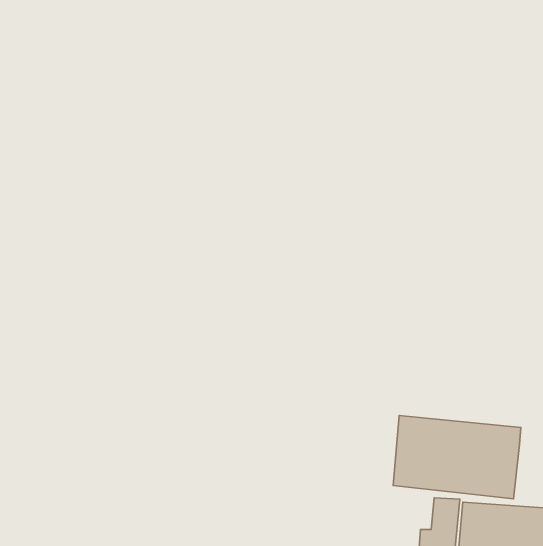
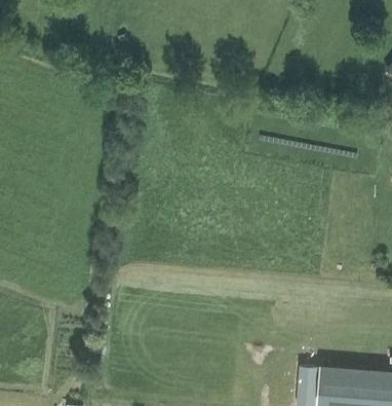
building: [393,416,521,499] -> none

